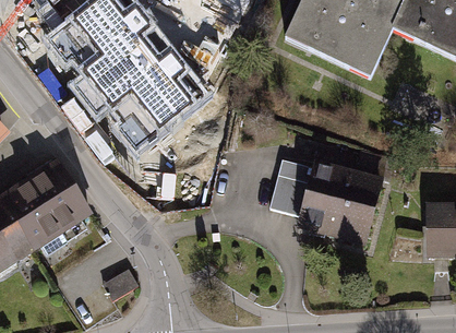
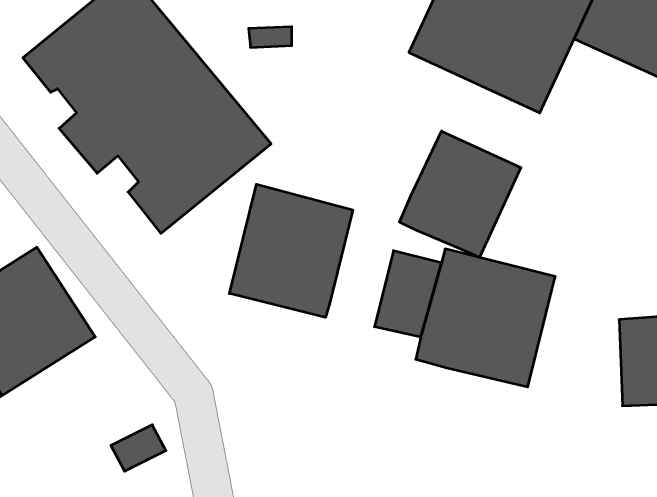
building: none -> [399,131,521,257]
building: none -> [229,184,353,317]

